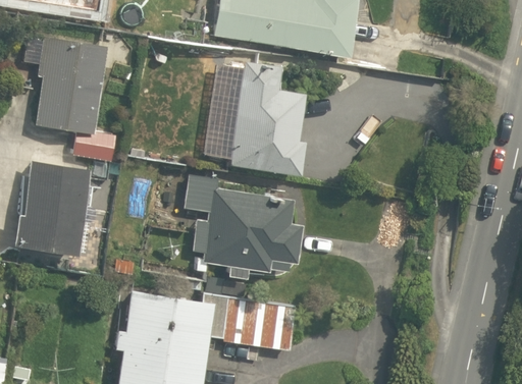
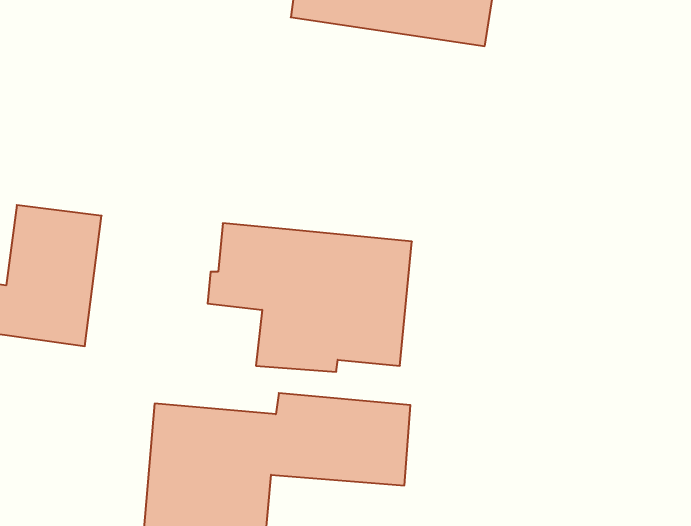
building: [45,31,115,163] -> none
building: [197,62,304,178] -> none

